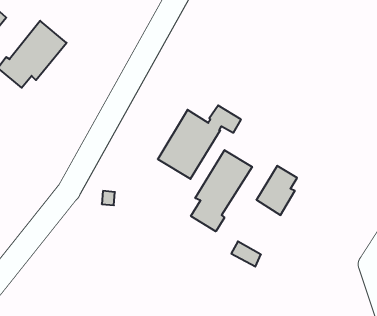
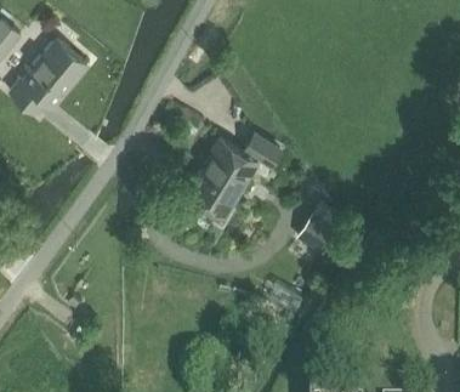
building: [191,150,252,231] -> none

